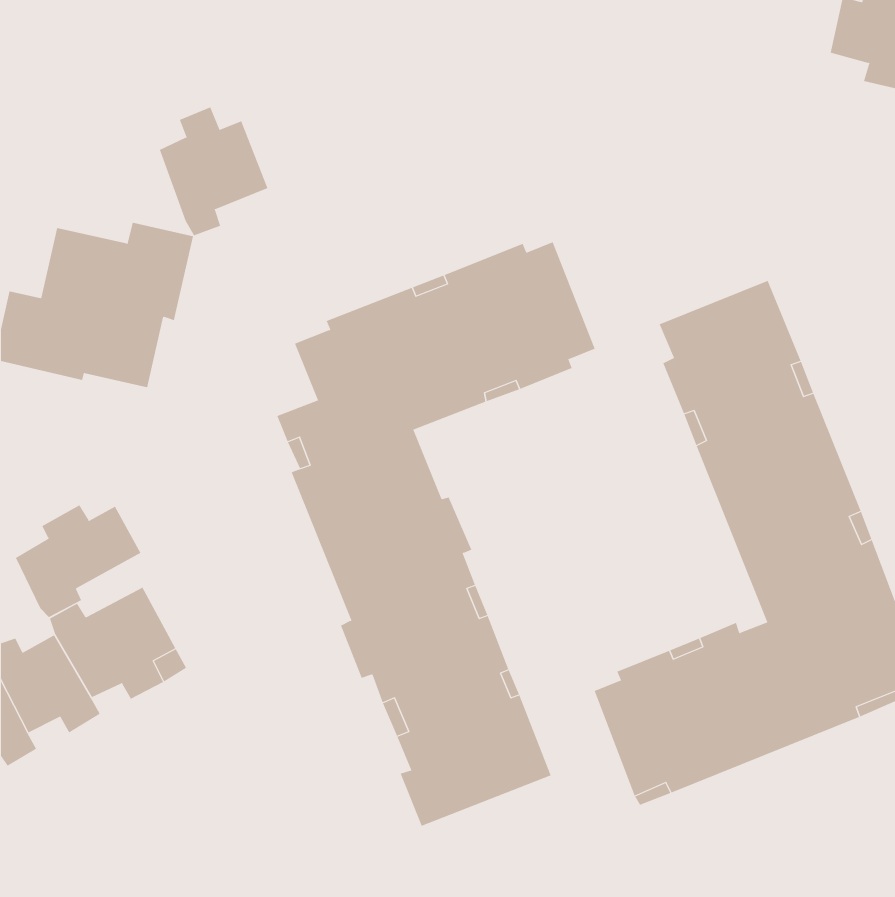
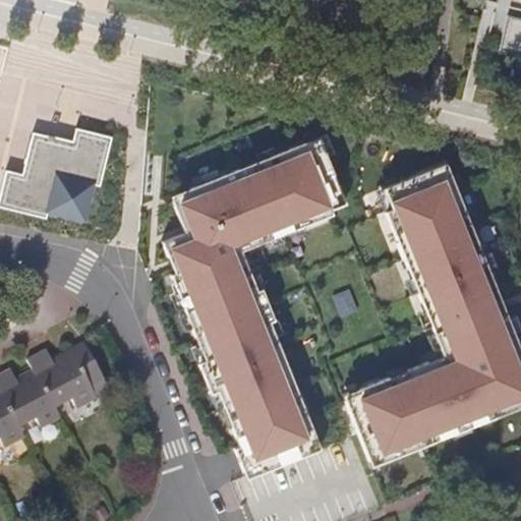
building: [159,107,268,236] -> none
building: [15,505,141,618] -> none

